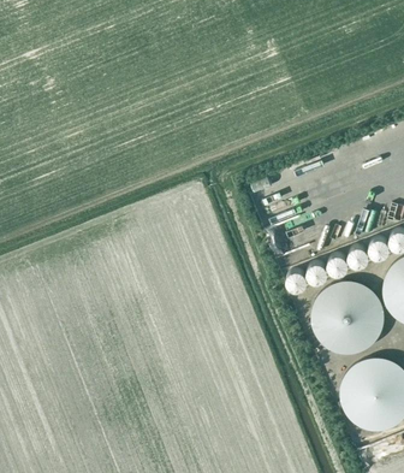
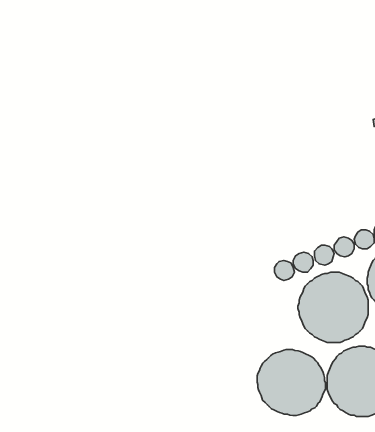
building: none -> [257,349,325,415]

